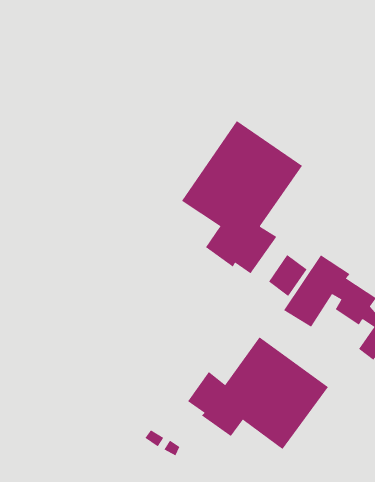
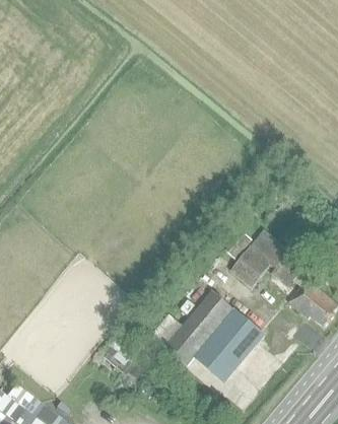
building: [181,120,303,274] -> none

